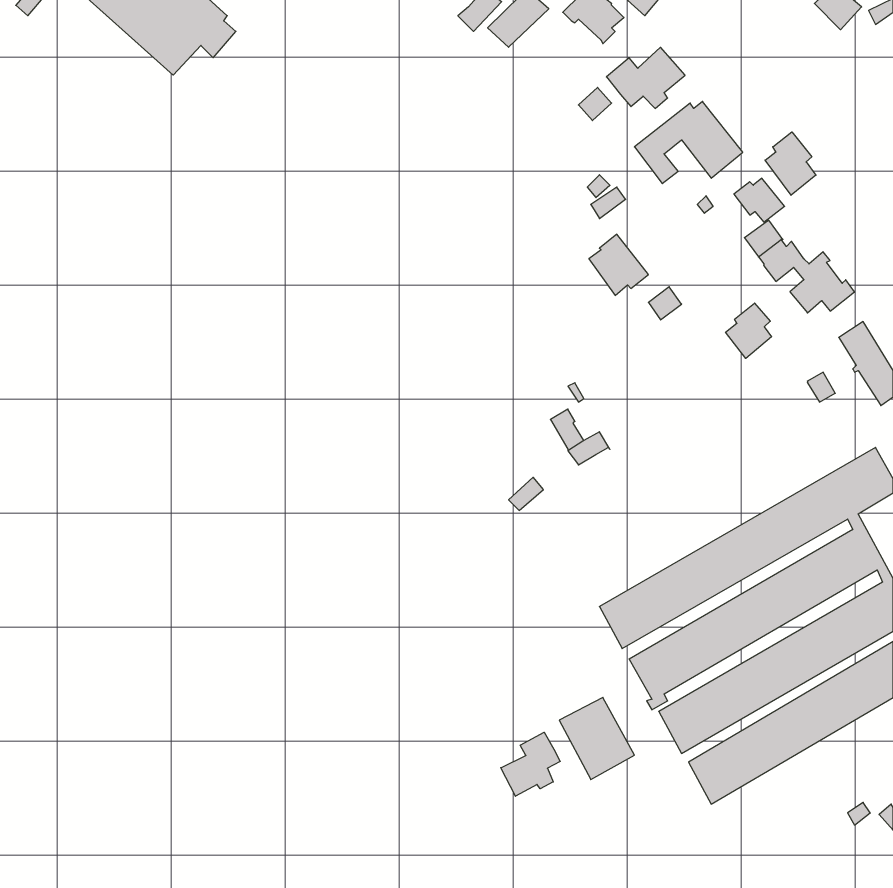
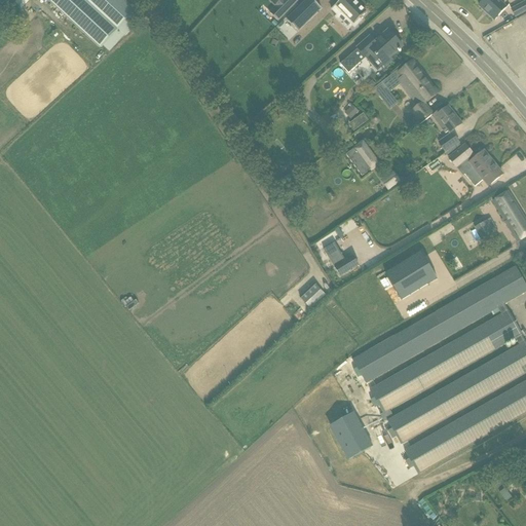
building: [765,132,816,195] -> none
building: [726,303,772,358] -> none
building: none -> [385,250,437,297]
building: [501,732,560,796] -> none

